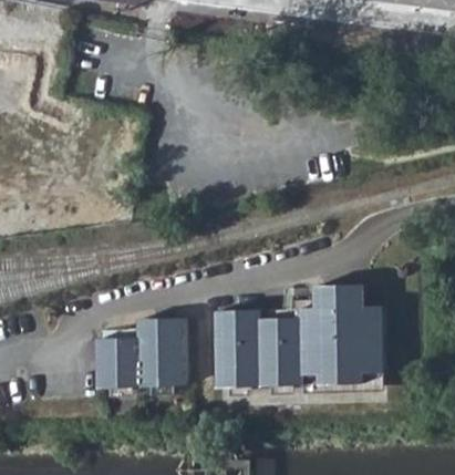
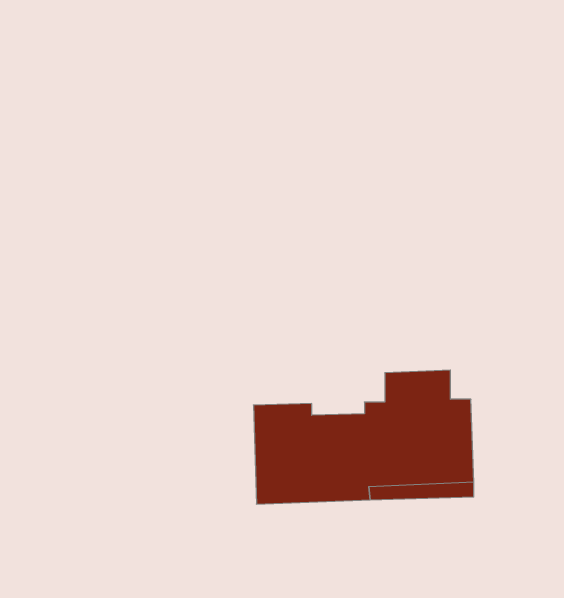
building: [97,314,187,384] -> none

